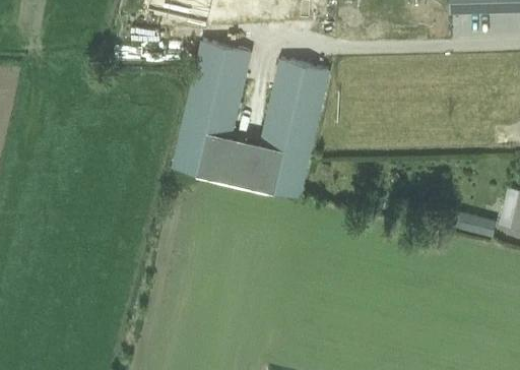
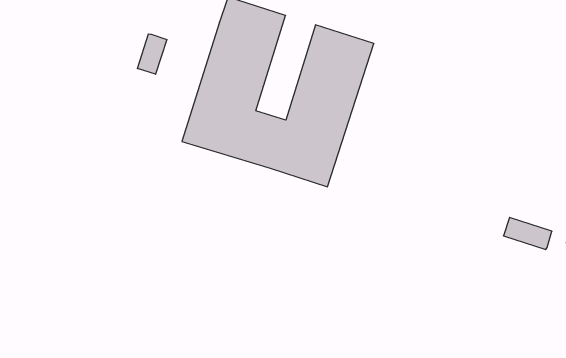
building: none -> [137,34,167,74]

